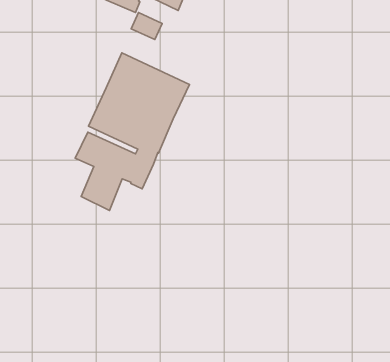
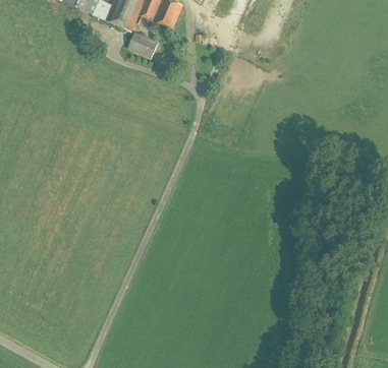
building: [75,53,190,210] -> none

